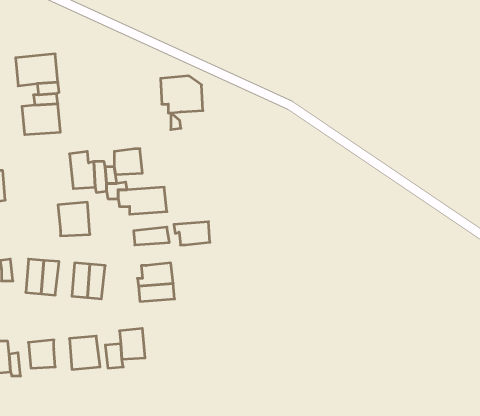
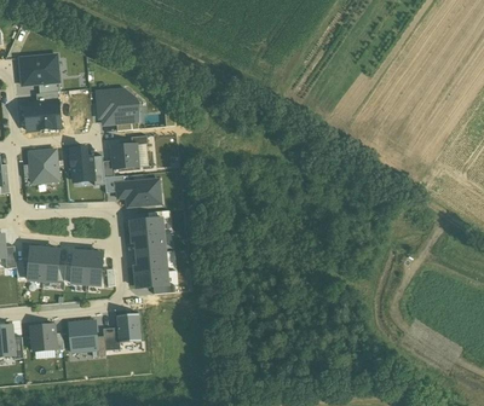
building: [161,76,203,113] -> [97,89,137,124]
building: [58,202,90,236] -> [28,150,58,181]
building: [174,222,210,245] -> [131,232,165,254]

